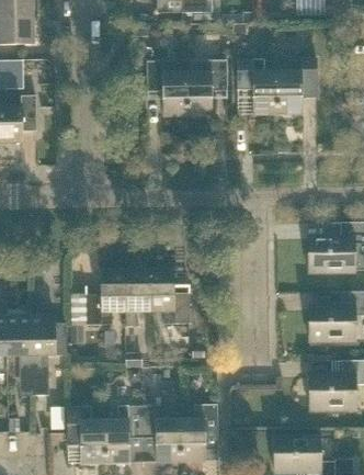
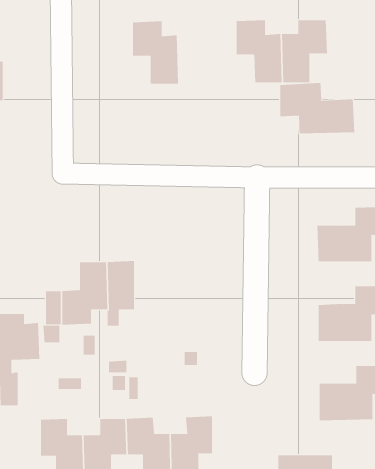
building: [186,60,227,115] -> none
building: none -> [280,82,355,134]
building: [149,269,190,324] -> none

